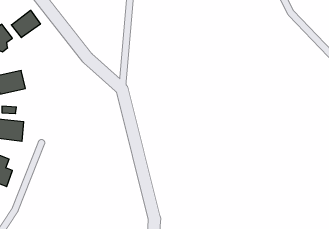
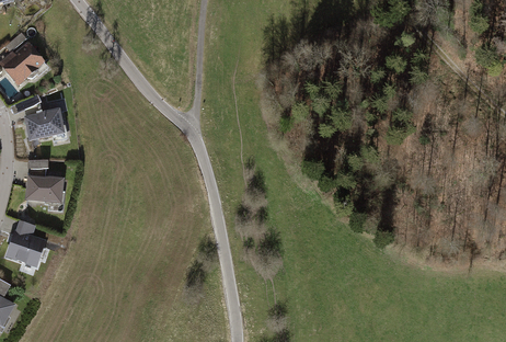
building: [11,10,40,38] -> none

